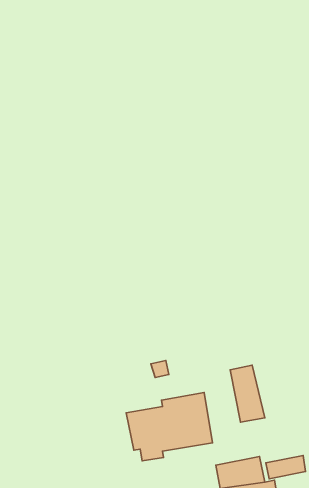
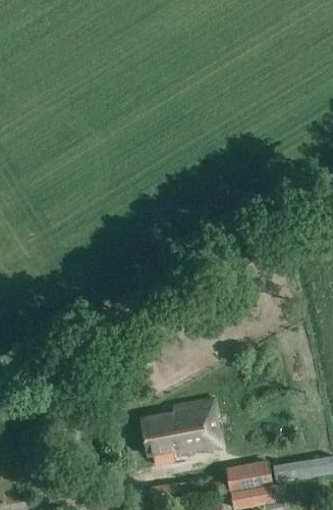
building: [230,365,265,422] -> none

